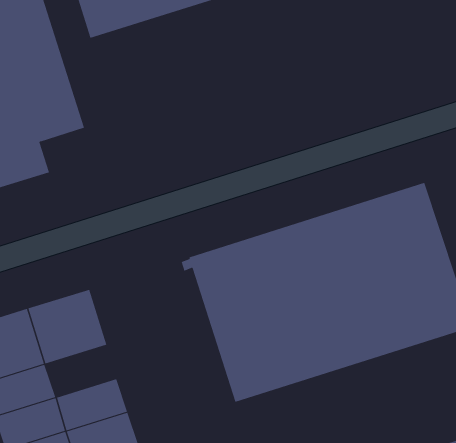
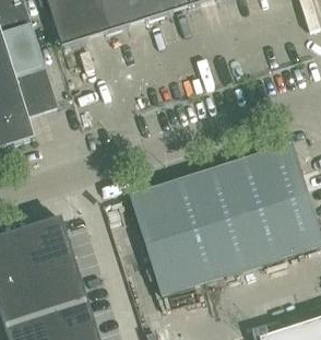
building: none -> [32,255,81,291]

